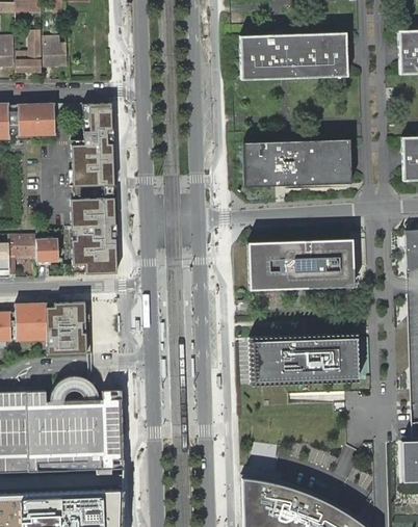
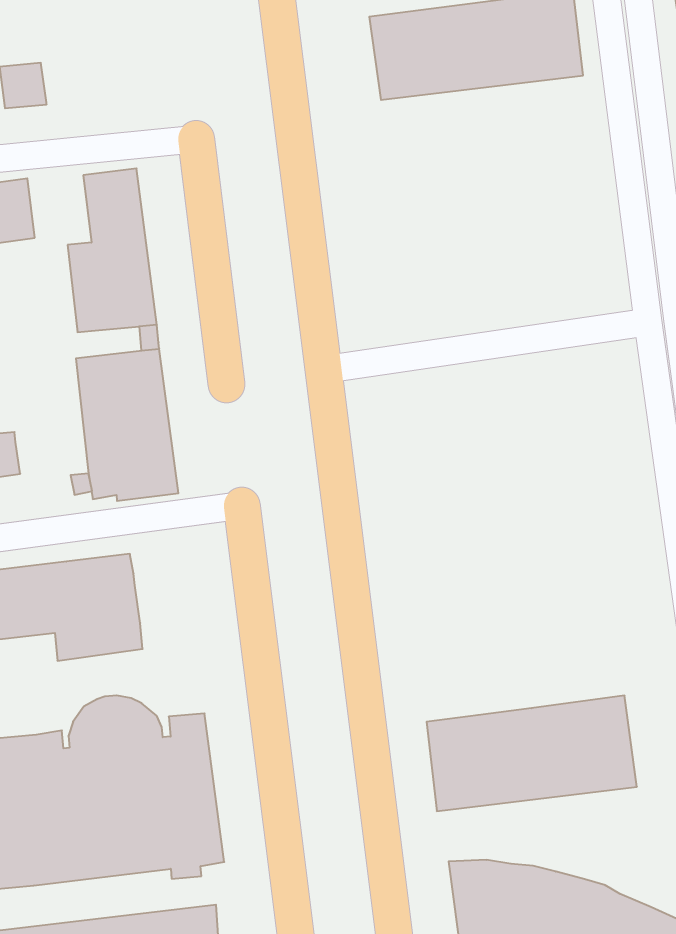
building: [242,138,349,186] -> none
building: [34,238,57,263] -> none
building: [252,239,352,290] -> none
building: [252,334,358,385] -> [427,696,637,811]

